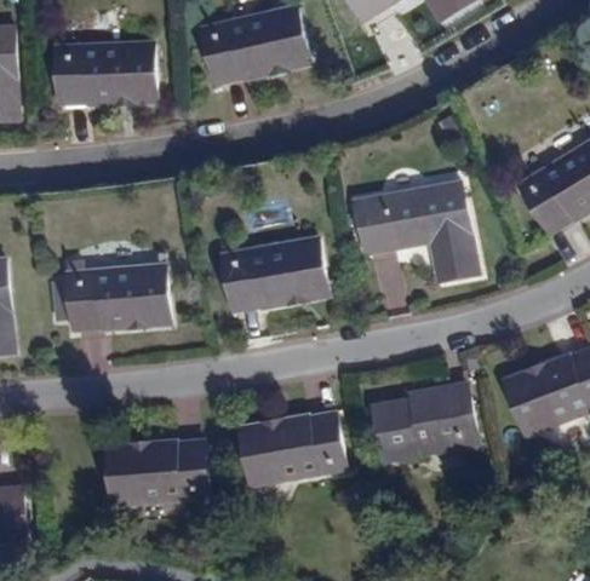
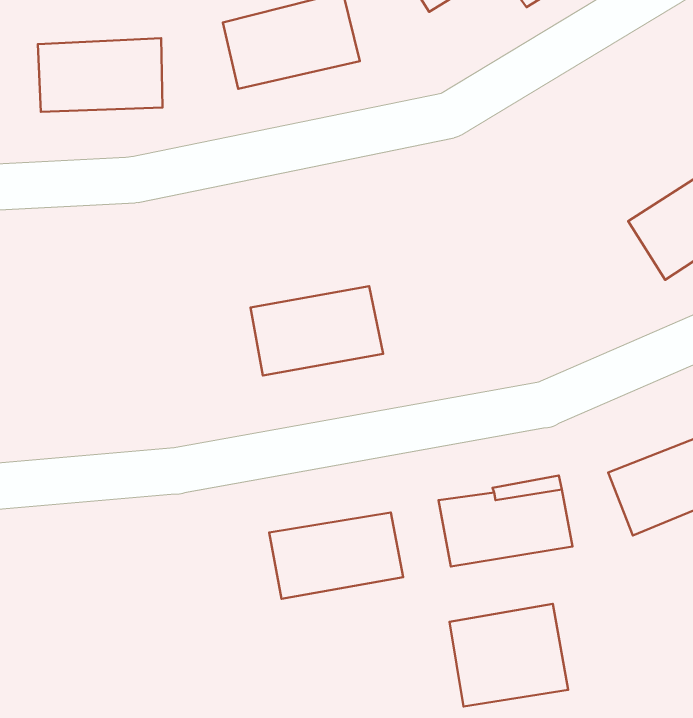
building: [355,183,477,281] -> none
building: [55,268,168,328] -> none
building: [105,443,206,504] -> none
building: none -> [449,604,568,706]

